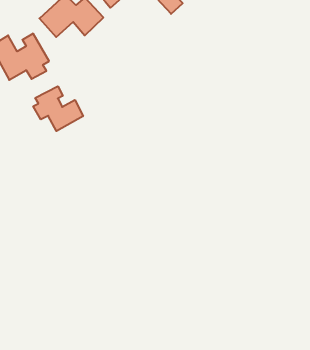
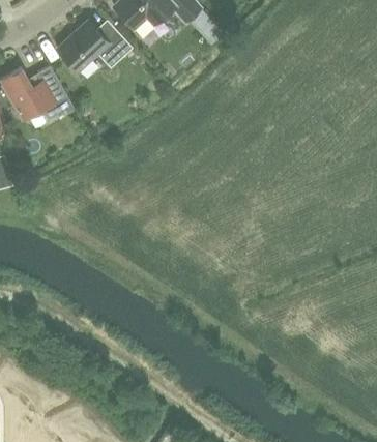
building: [33,86,83,131] -> none

